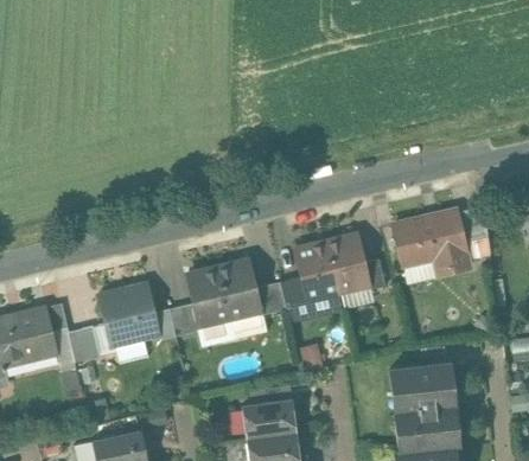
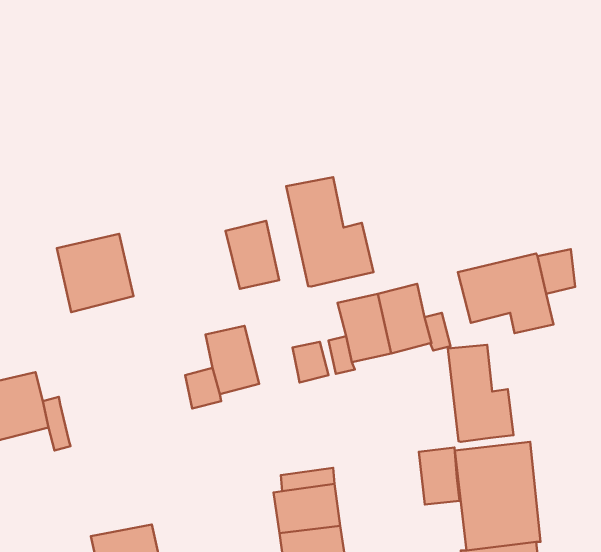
building: none -> [286,177,374,287]
building: [217,262,261,318] -> [225,221,279,289]
building: [97,284,160,348] -> [57,234,134,312]
building: none -> [448,345,514,442]
building: [66,328,100,364] -> none
building: none -> [419,447,460,505]

